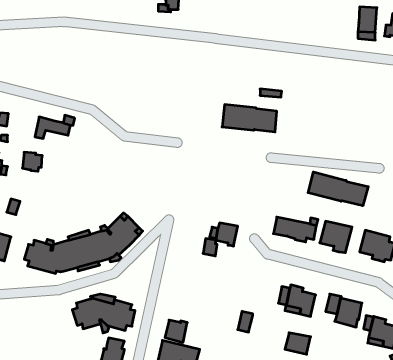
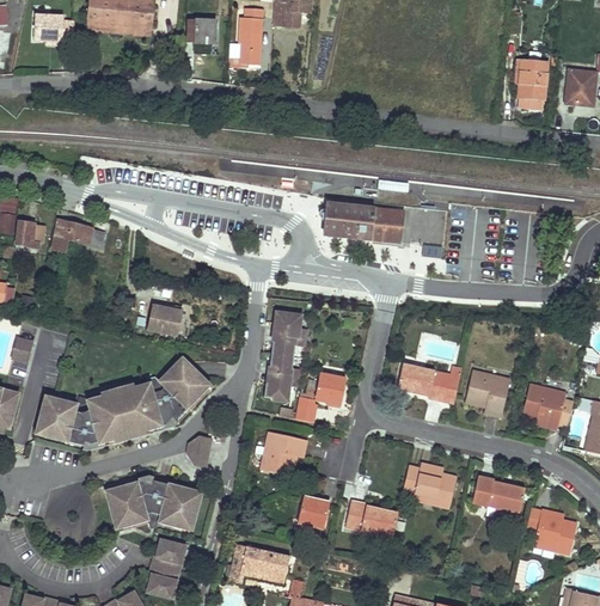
building: [22,152,42,171] -> [16,221,44,249]
building: [308,172,368,206] -> none
building: none -> [148,305,179,335]
building: none -> [259,311,305,399]
building: none -> [261,430,306,476]
building: none -> [186,436,210,467]
building: [165,320,187,342] -> [298,496,330,528]
building: [285,333,311,354] -> [361,507,398,538]

